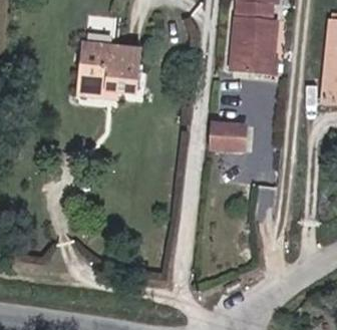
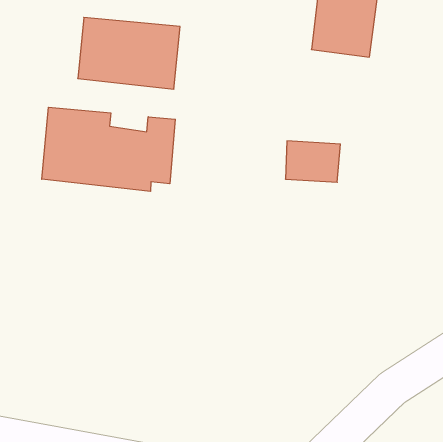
building: none -> [42,107,175,191]

